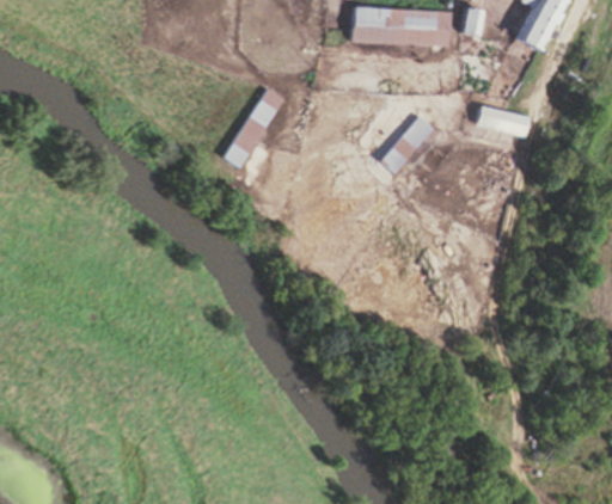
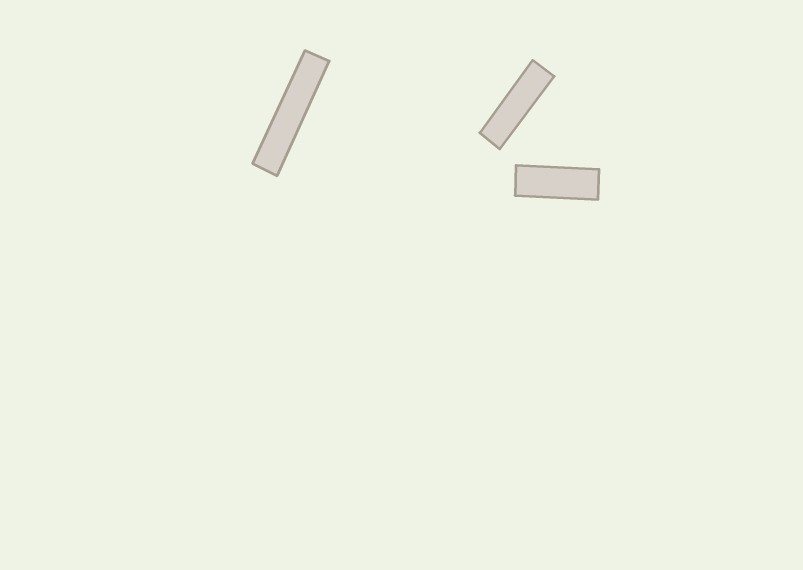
building: [477,105,537,136] -> [515,165,599,199]

